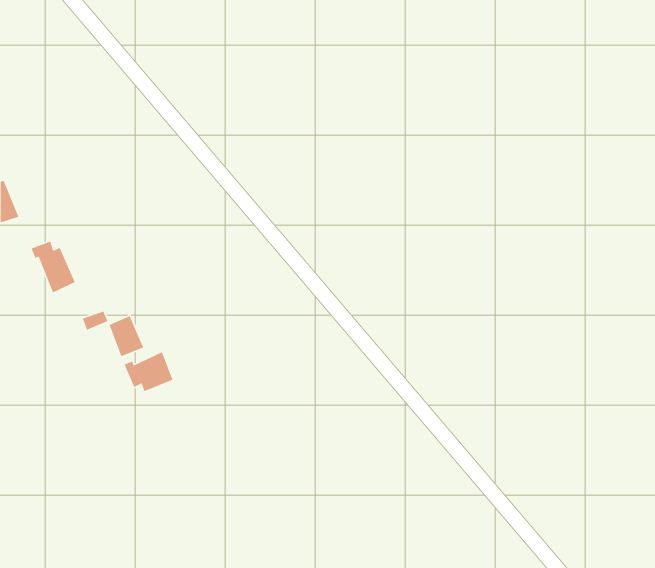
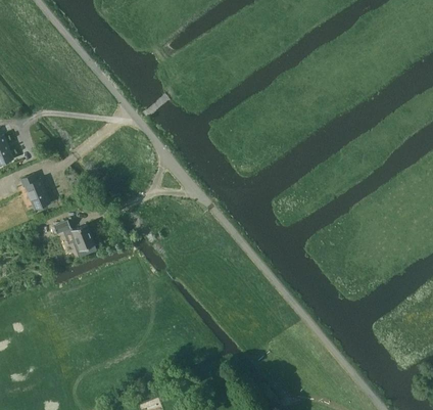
building: [124,351,174,392] -> none

